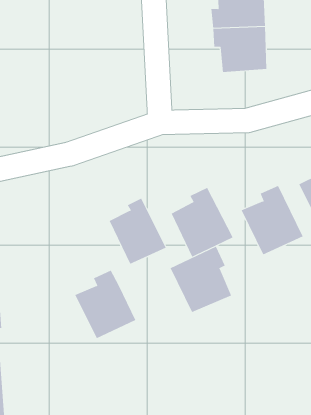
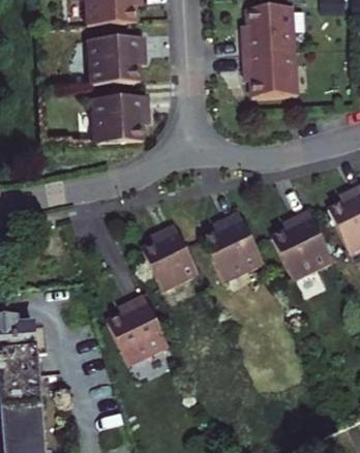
building: none -> [88,33,138,84]
building: none -> [91,93,142,142]
building: [170,246,232,313] -> none

